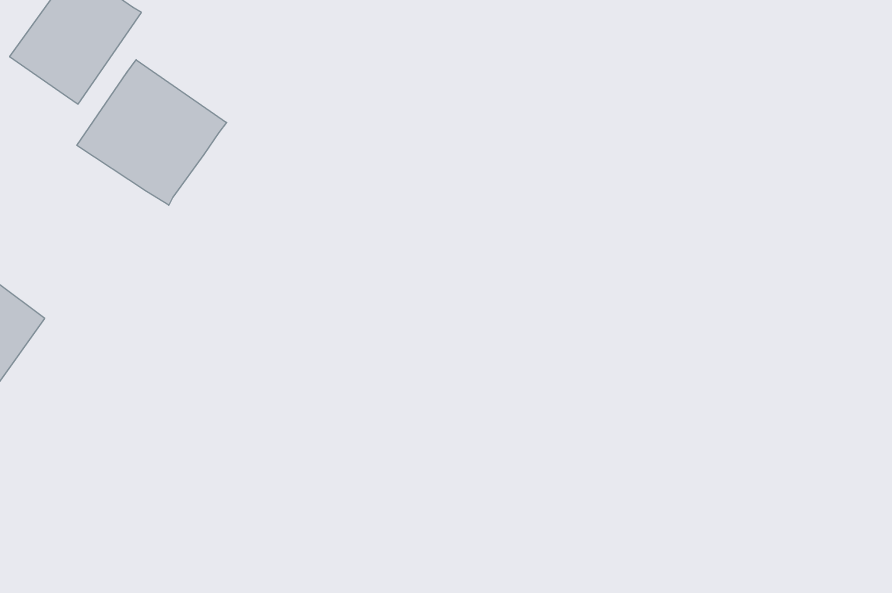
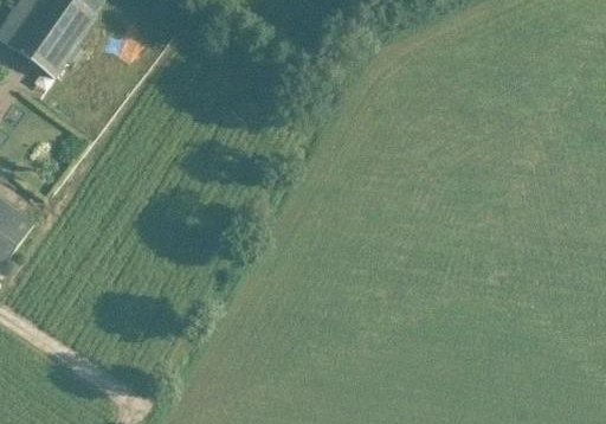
building: [77,60,227,205] -> none

